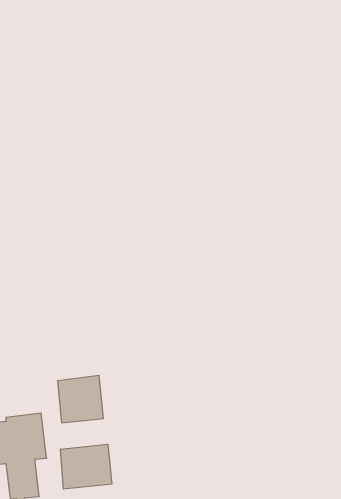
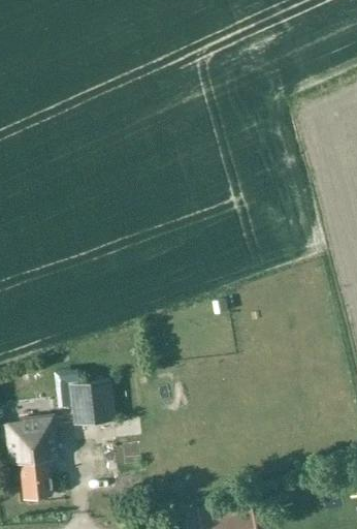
building: [61,444,112,489] -> none

